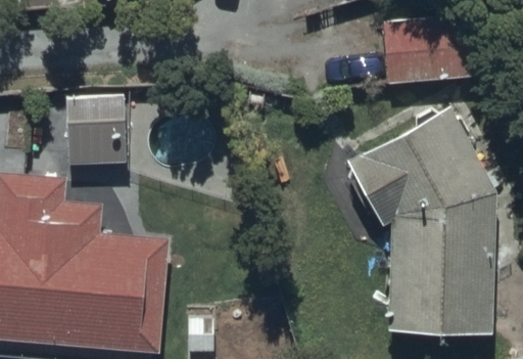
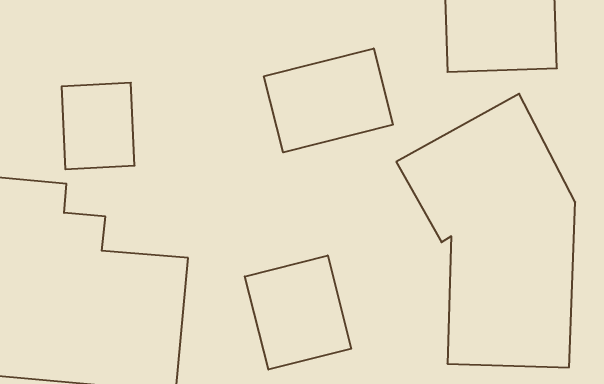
building: none -> [264,48,393,152]
building: none -> [245,255,351,370]

